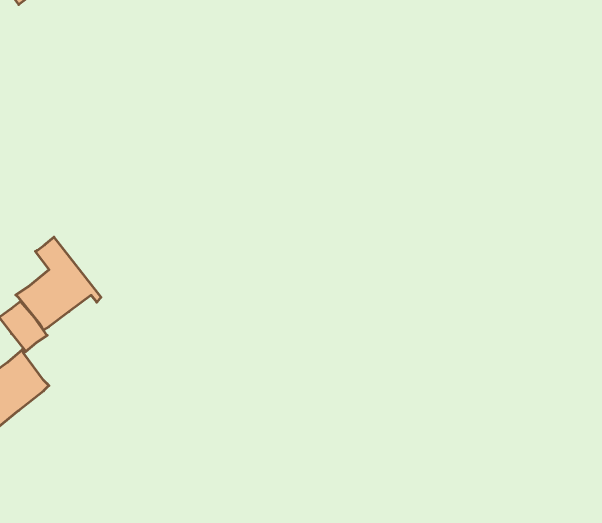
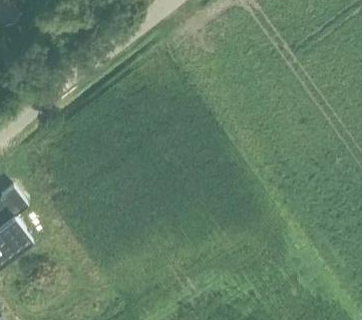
building: [16,237,101,330] -> none

